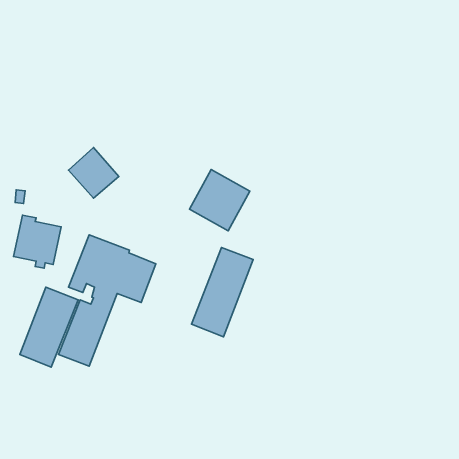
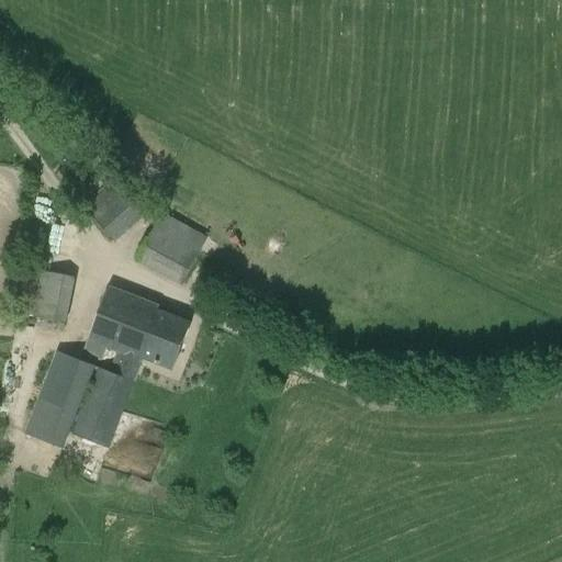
building: [189,170,250,231] -> [134,210,207,284]
building: [191,247,253,337] -> none

